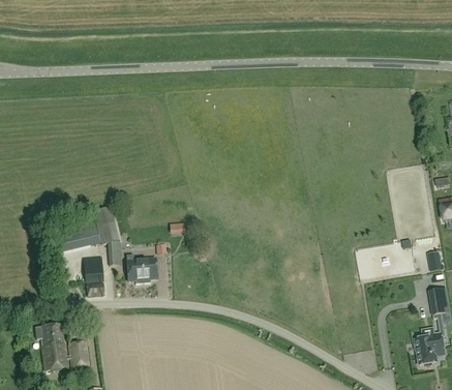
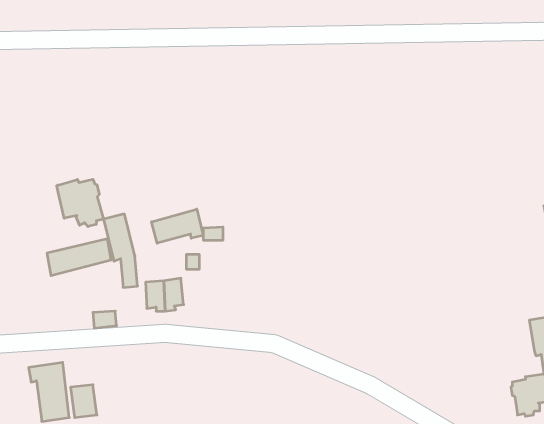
building: none -> [57,179,103,227]
building: none -> [152,209,203,243]
building: [83,256,102,281] -> none

